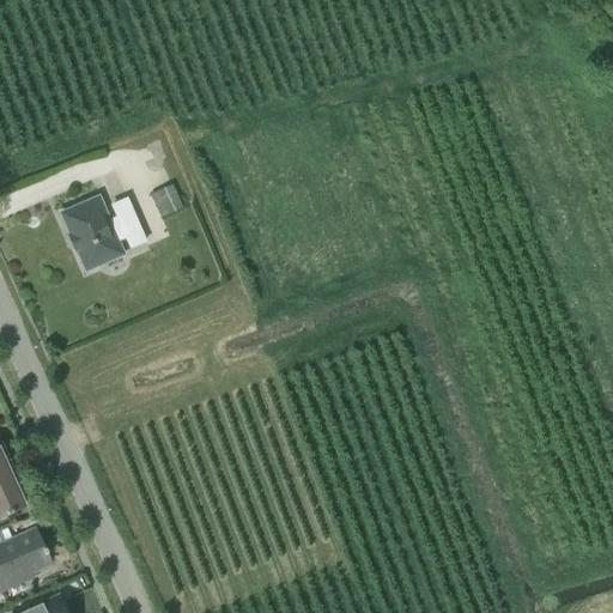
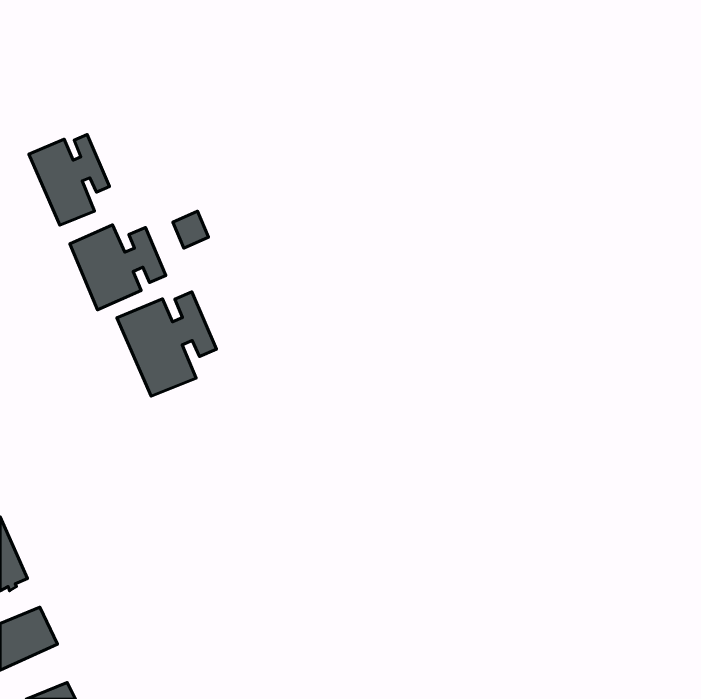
building: none -> [29,134,109,225]
building: none -> [117,292,216,396]

